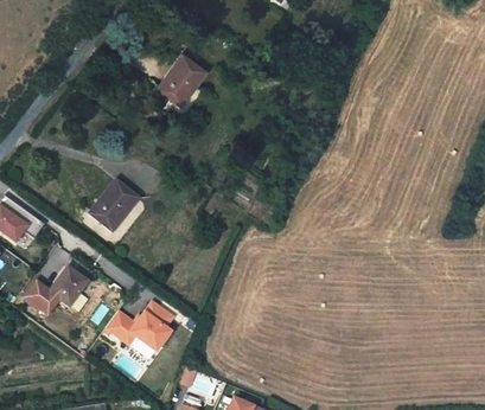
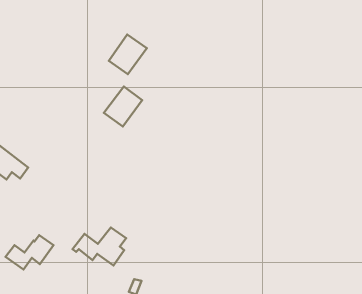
building: [90,179,140,231] -> [104,87,142,126]
building: [26,268,89,313] -> [5,235,54,270]

